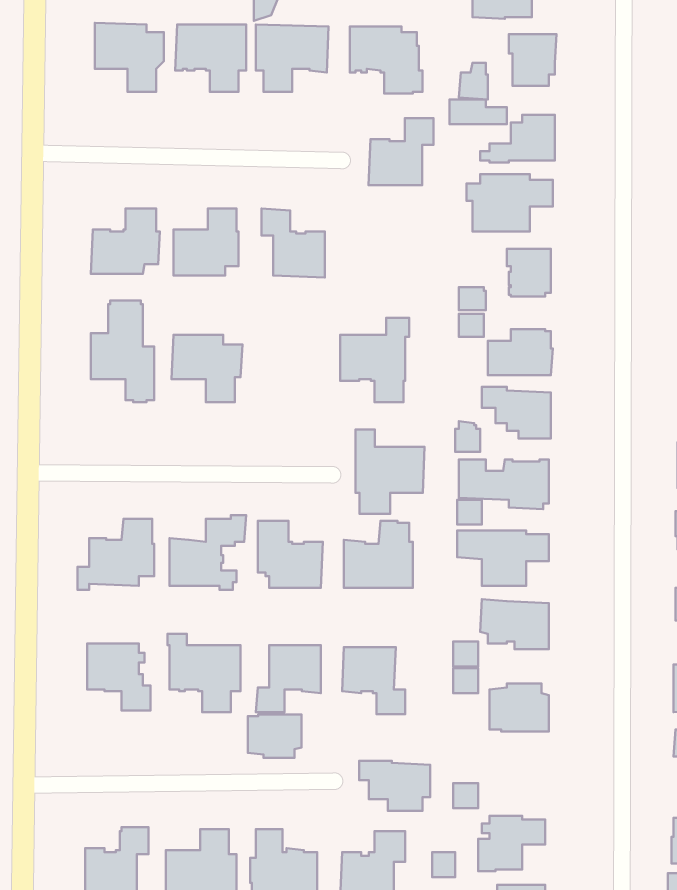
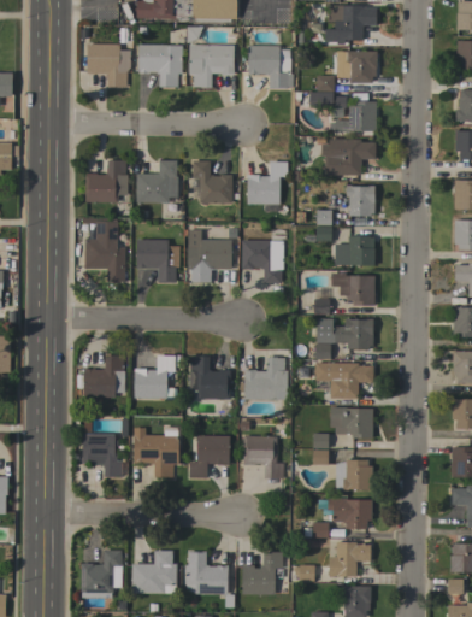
building: [368,118,434,185] -> [247,161,288,204]
building: [356,430,425,514] -> [189,229,232,282]
building: [248,714,302,758] -> none
building: [359,761,430,811] -> [328,498,372,529]

